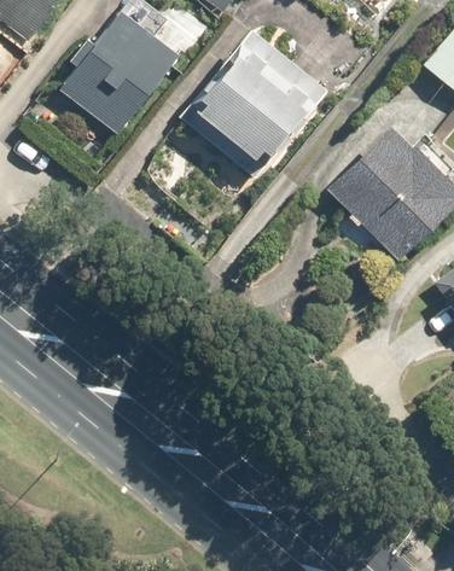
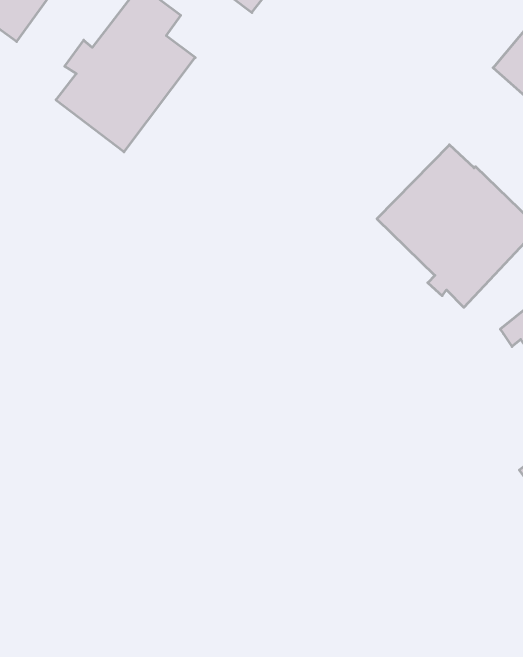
building: [180,30,325,177] -> none

